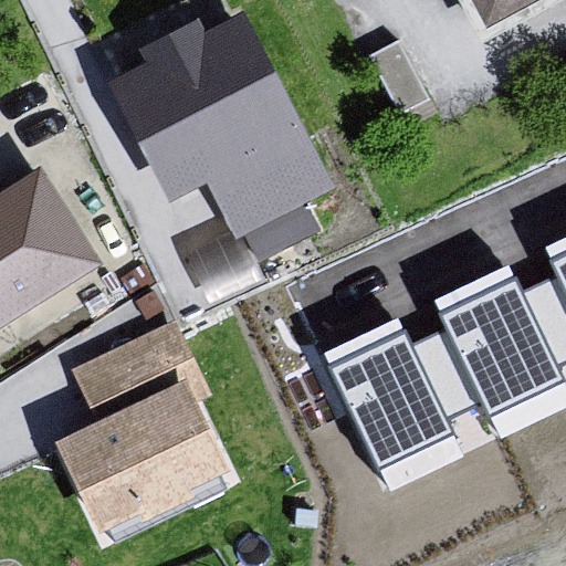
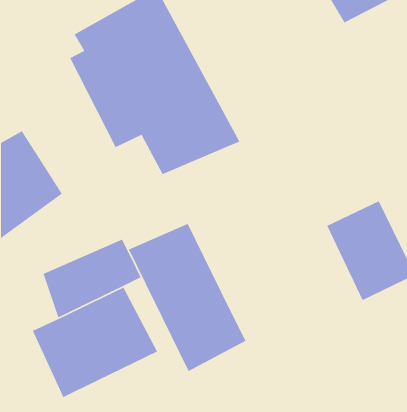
building: none -> [128,223,247,372]
building: [344,325,465,462] -> none

